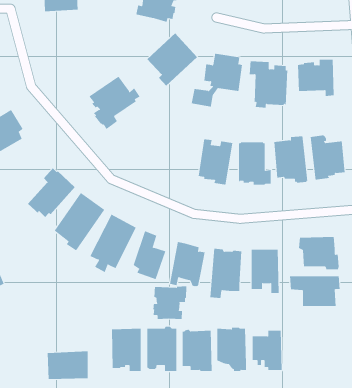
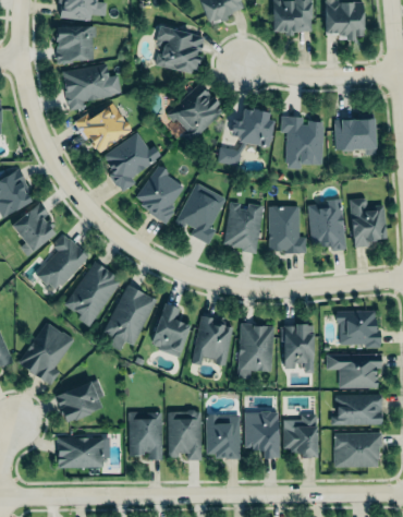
building: none -> [62,63,122,111]
building: none -> [74,104,132,155]
building: none -> [136,166,184,225]
building: none -> [173,184,225,245]
building: none -> [11,203,56,256]
building: none -> [19,323,74,385]
building: [153,286,187,320] -> none
building: none -> [54,378,107,424]
building: none -> [331,395,382,425]
building: none -> [334,433,382,468]

